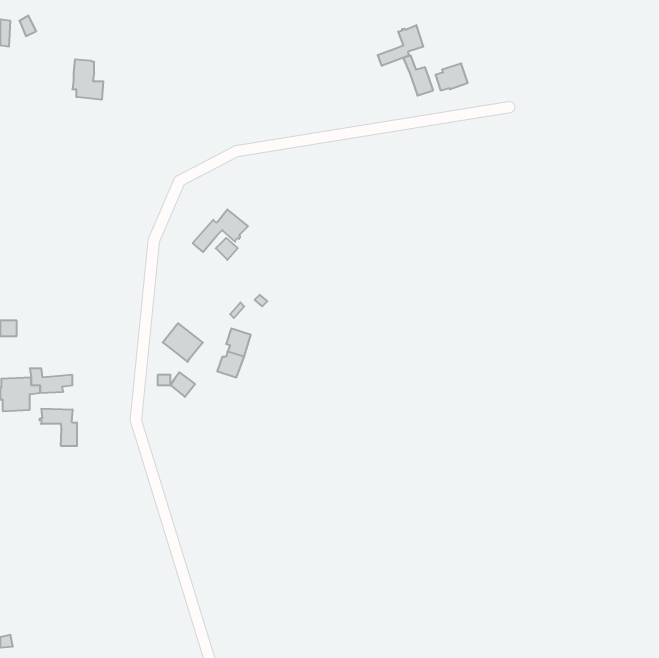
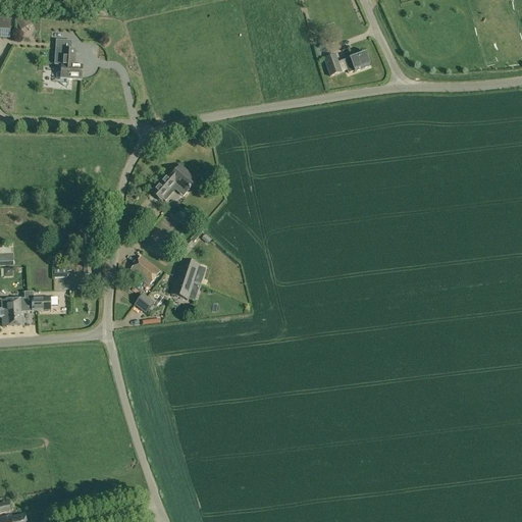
building: [378,25,423,66] -> none
building: [39,409,77,446] -> none

